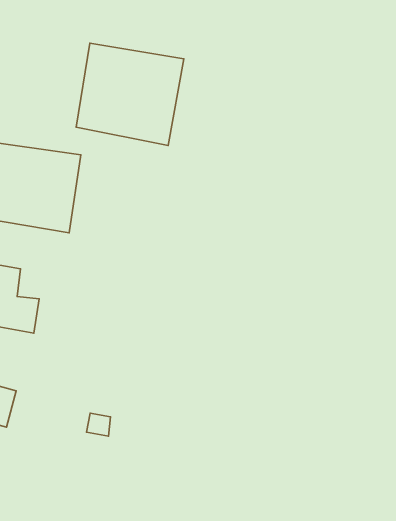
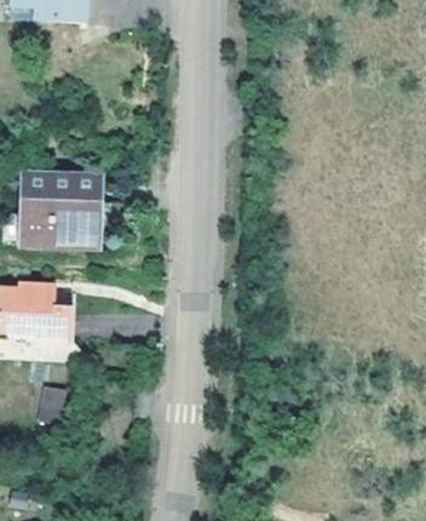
building: [76,43,184,146] -> none

